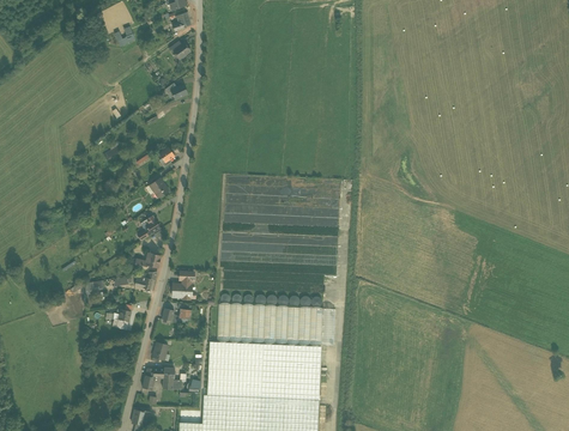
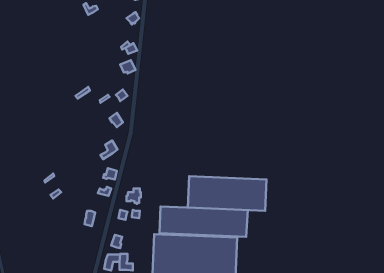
building: none -> [188,176,266,211]

